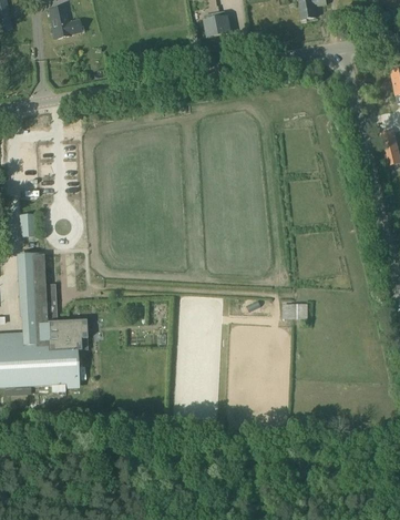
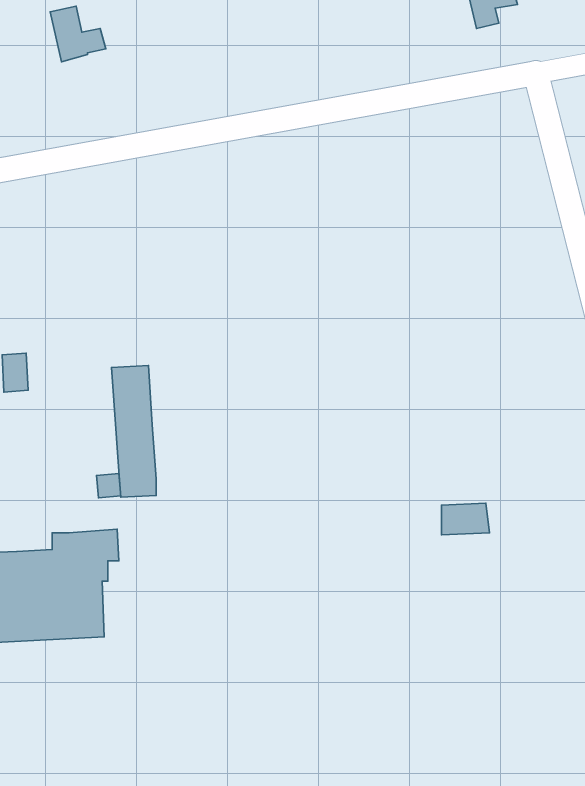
building: [204,10,228,37] -> none
building: [21,253,48,332] -> [112,366,156,497]

